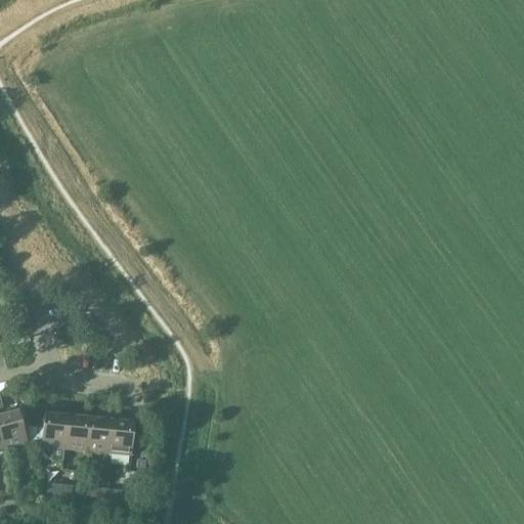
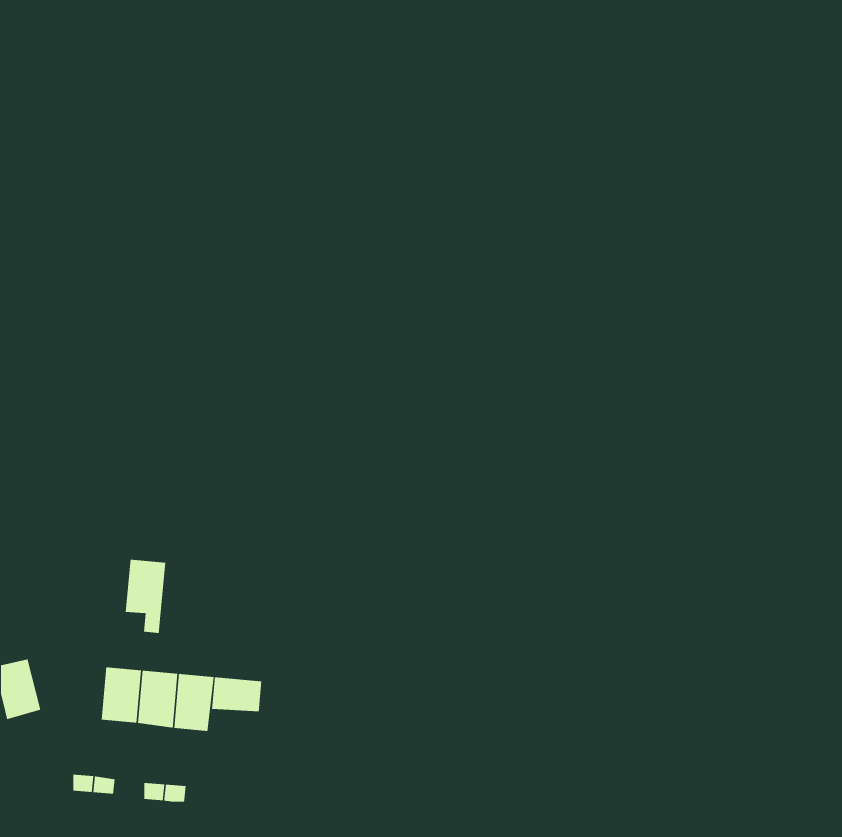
building: [41,411,67,457] -> [125,559,166,633]
building: none -> [212,676,262,712]

